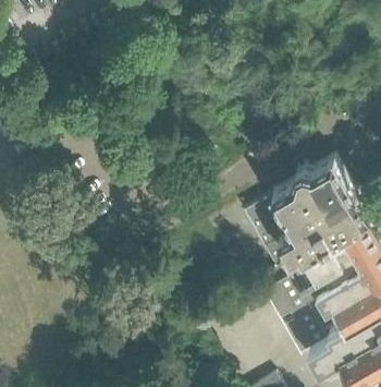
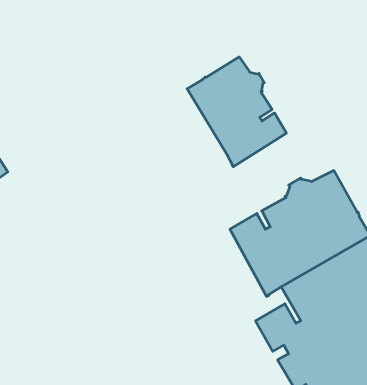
building: none -> [187,57,286,167]

